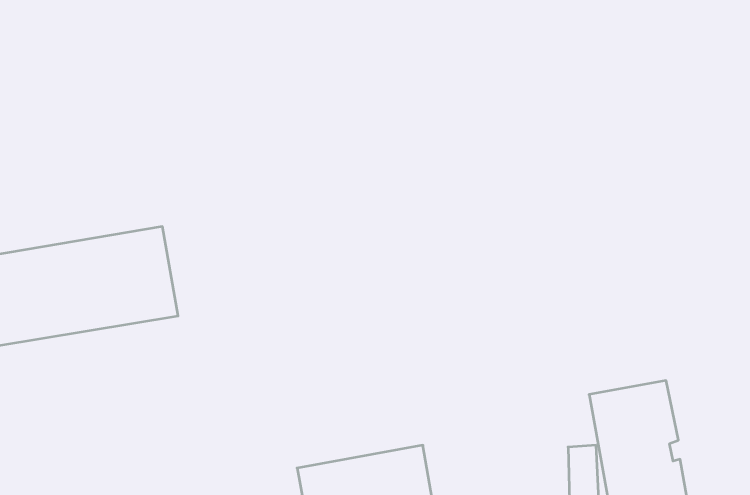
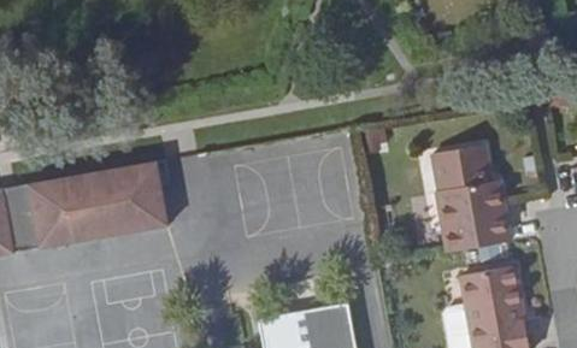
building: none -> [438,144,511,253]

